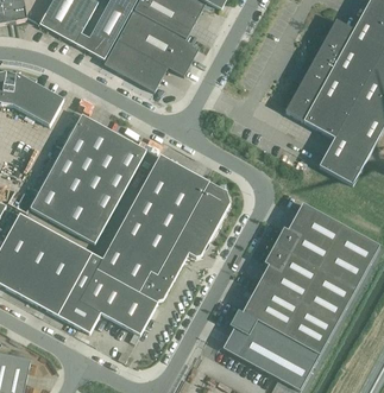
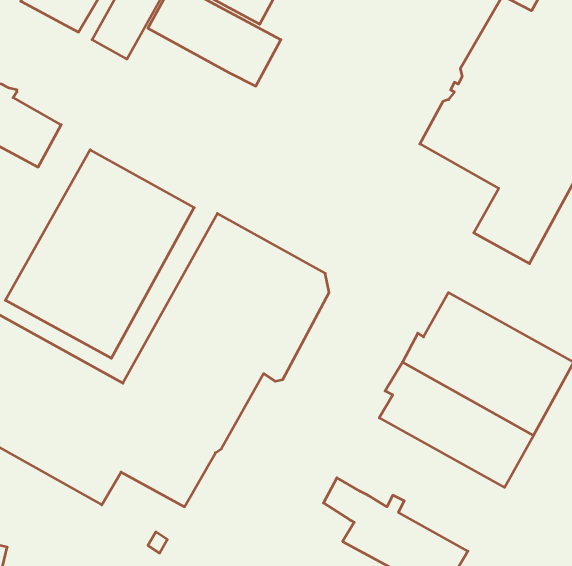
building: [105,39,168,90] -> none
building: [243,279,338,354] -> none

